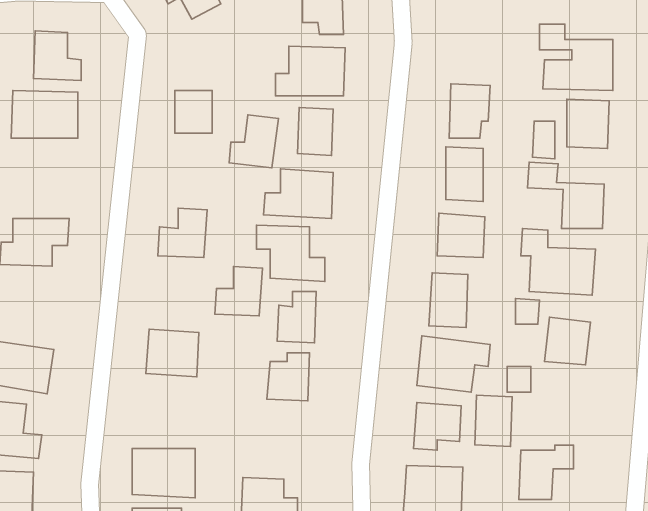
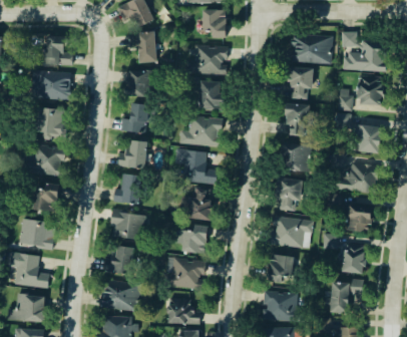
building: none -> [129,31,156,62]
building: none -> [292,33,333,63]
building: [229,115,279,168] -> [120,102,149,133]
building: none -> [34,106,65,137]
building: [215,266,262,316] -> [113,175,141,204]
building: none -> [33,183,58,214]
building: none -> [103,246,132,273]
building: [475,395,512,446] -> [343,243,365,273]
building: none -> [162,258,205,287]

